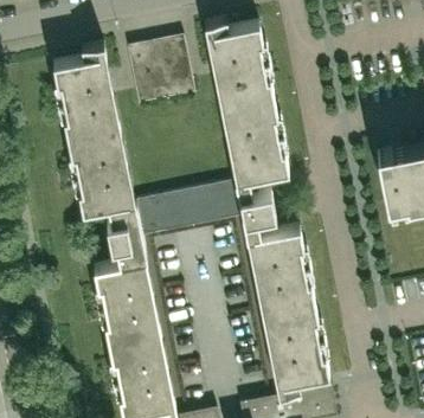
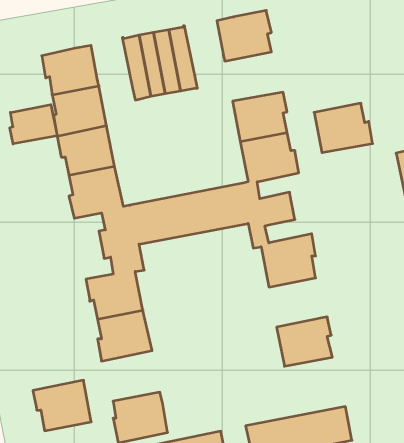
building: [220,59,274,104] -> [314,103,373,153]
building: none -> [10,105,57,144]
building: [261,265,314,310] -> none
building: [108,332,161,378] -> [33,380,91,431]
building: [275,337,329,384] -> none

